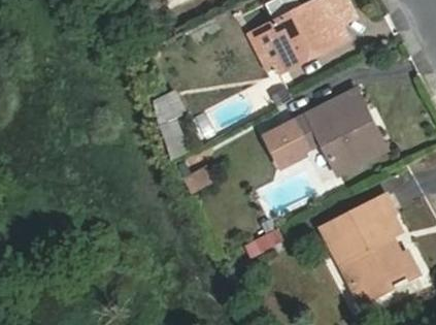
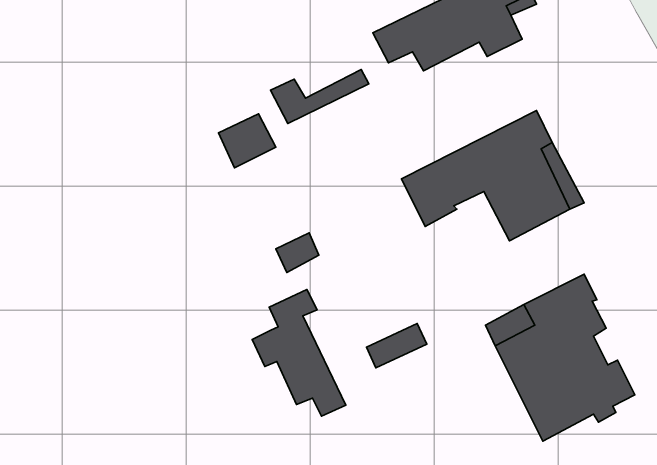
building: [259,43,323,78] -> [270,70,369,124]
building: none -> [252,289,346,416]

